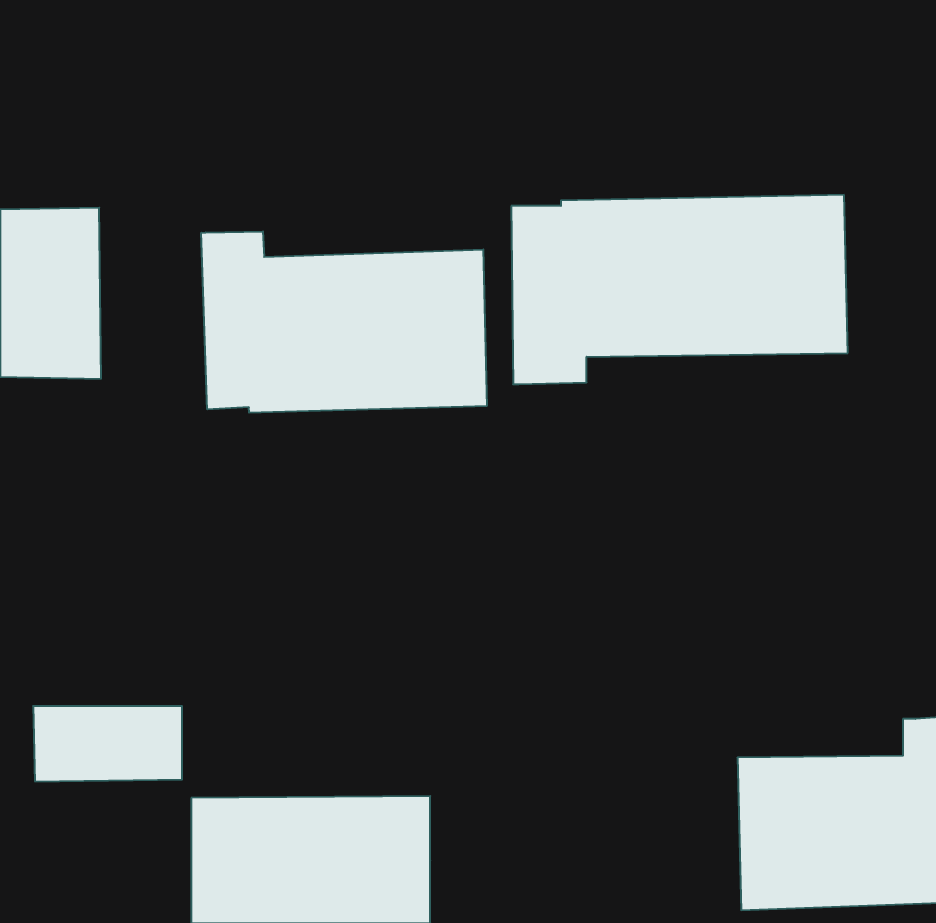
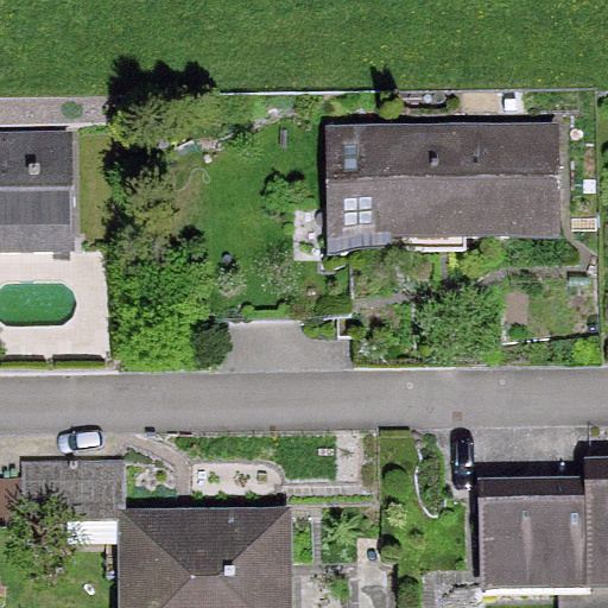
building: [201,231,487,413] -> none

